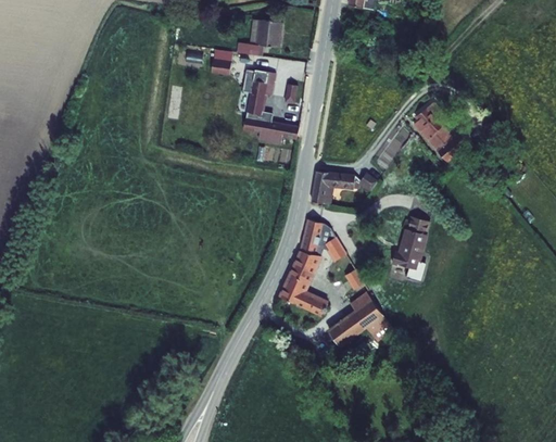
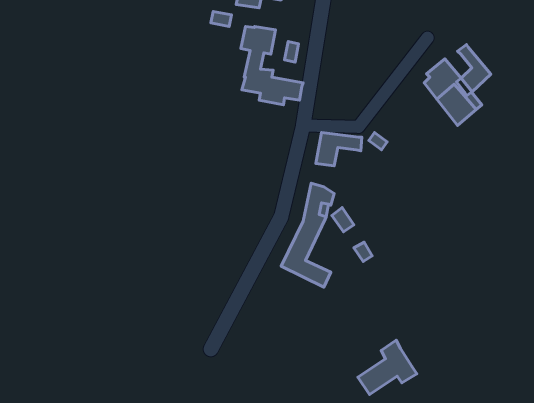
building: none -> [458,44,491,92]
building: [389,213,425,269] -> none
building: [332,295,388,346] -> [358,340,417,394]

